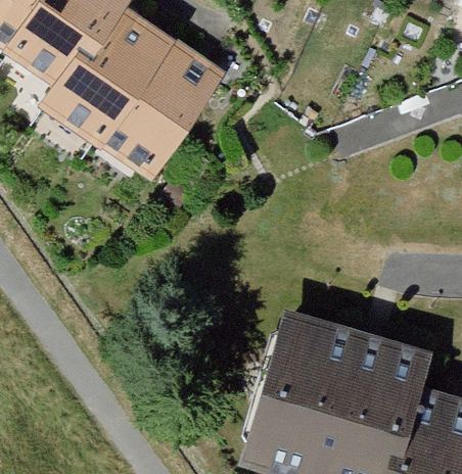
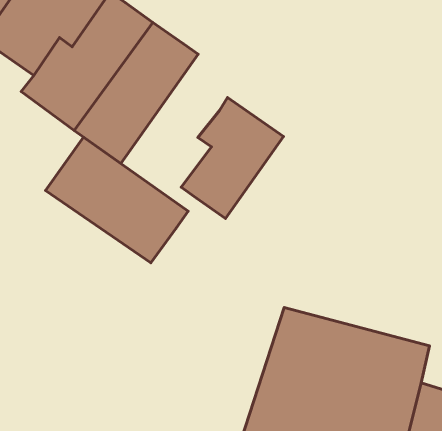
building: none -> [181,97,284,219]
building: none -> [45,137,188,263]

